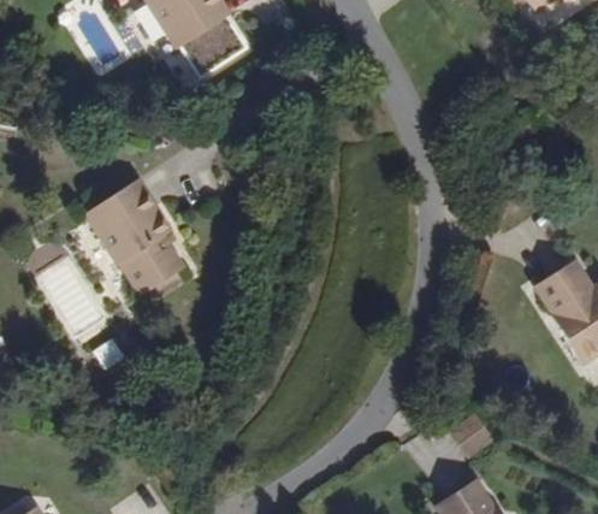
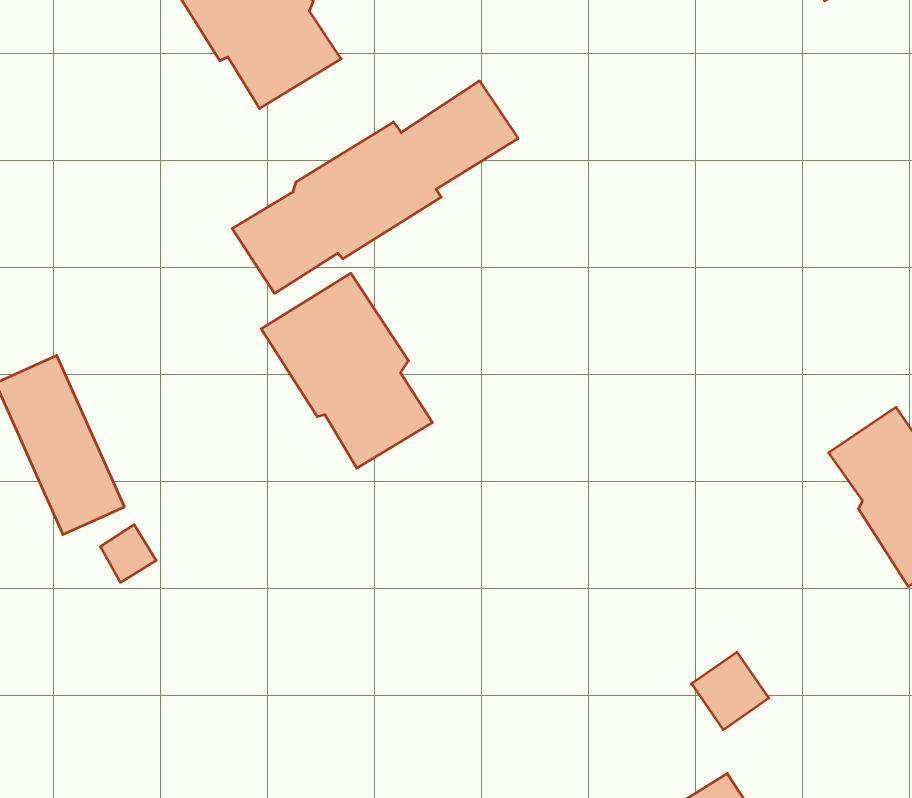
building: none -> [232,81,518,293]
building: [78,176,182,294] -> [261,273,432,468]

